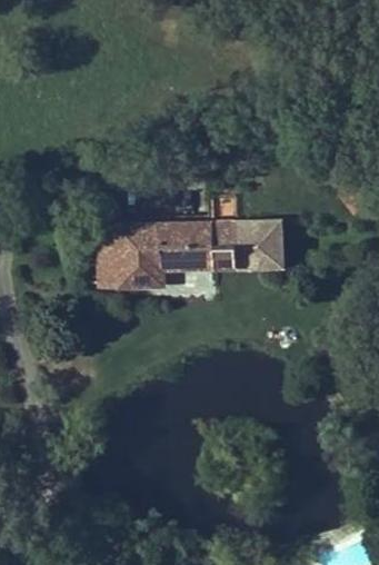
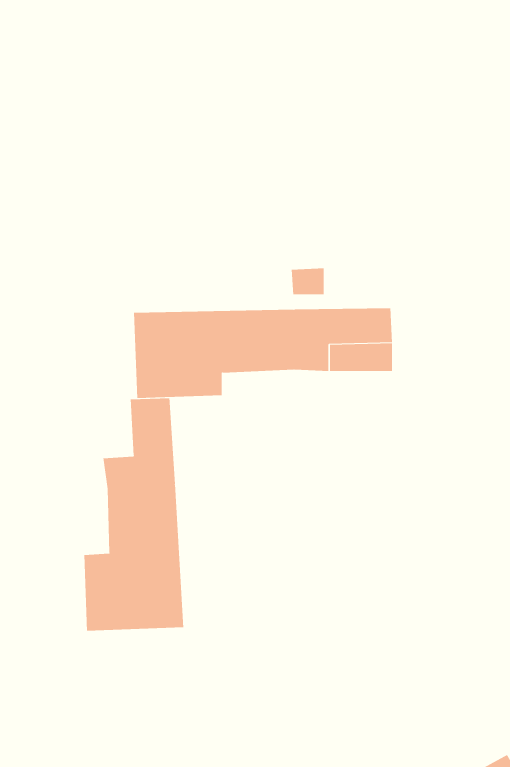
building: none -> [84,398,184,632]

